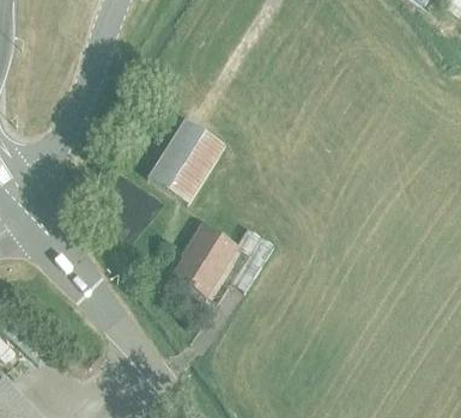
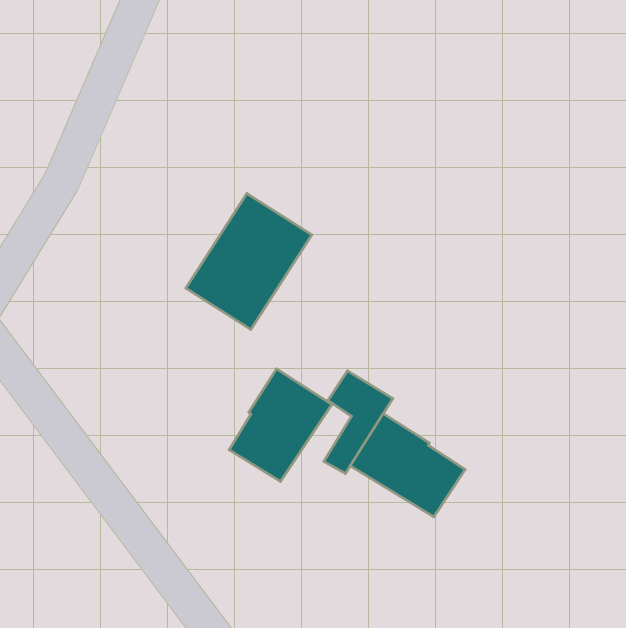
building: none -> [350,414,465,517]

